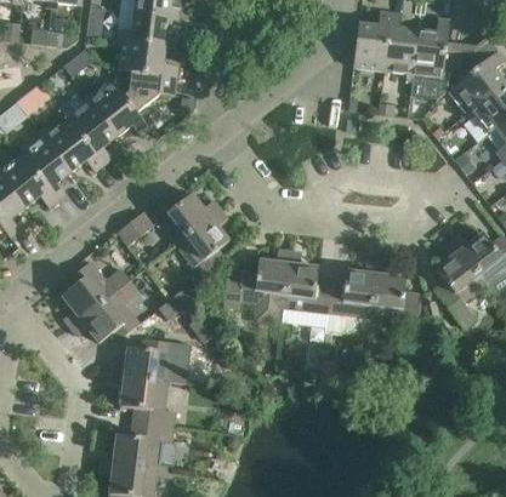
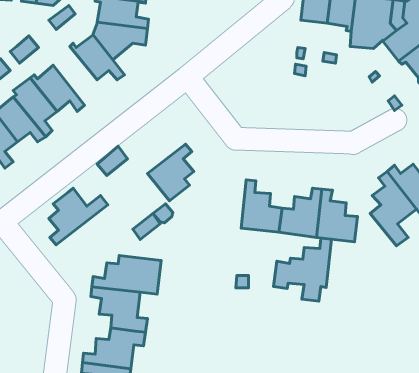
building: [67,96,118,164] -> none
building: [152,193,220,242] -> none
building: [223,248,290,321] -> [274,238,331,301]
building: [70,279,140,341] -> none

